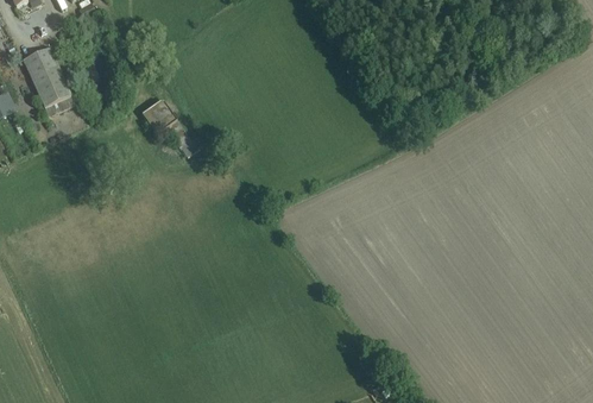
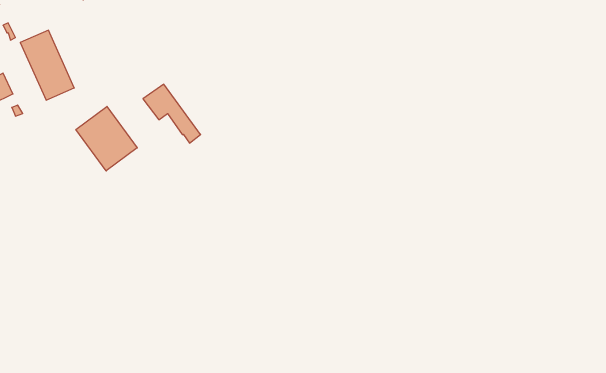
building: none -> [76,106,137,171]

